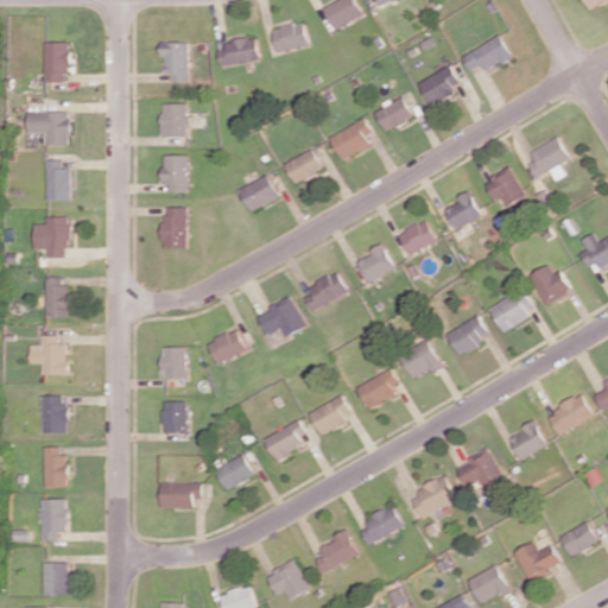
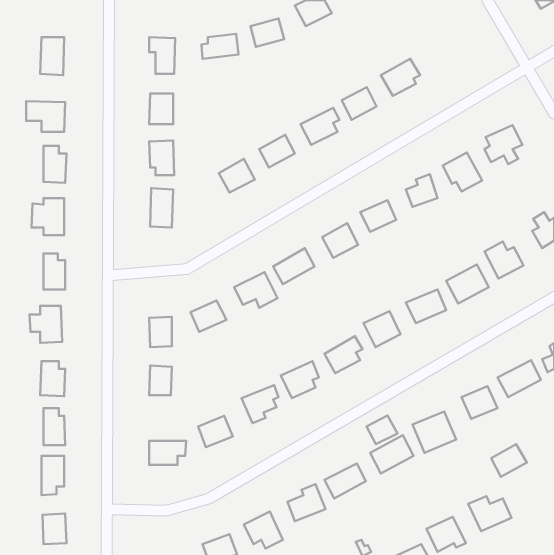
building: [461,34,513,71] -> none
building: none -> [367,415,398,444]
building: [557,521,596,557] -> [491,444,527,477]

